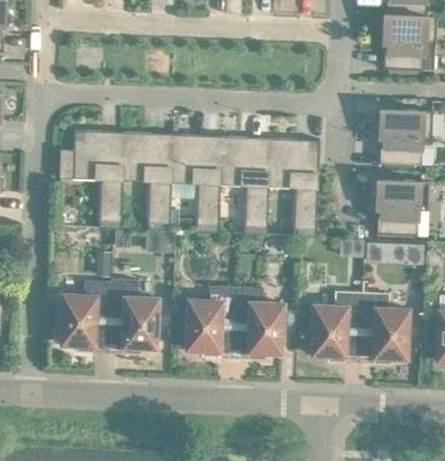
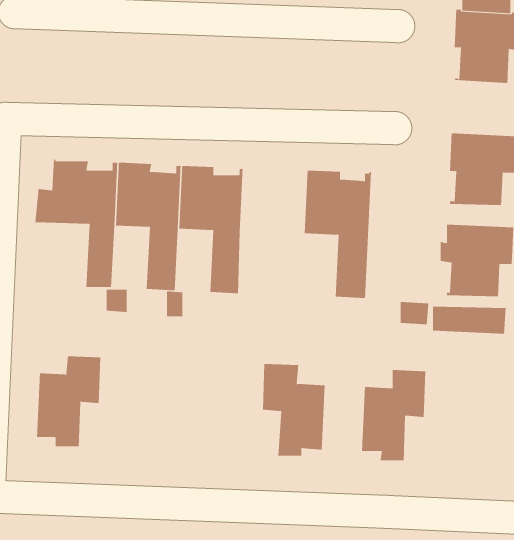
building: [218,134,270,234] -> none
building: [110,277,157,352] -> none
building: [186,284,236,356] -> none
building: [360,291,409,363] -> none

